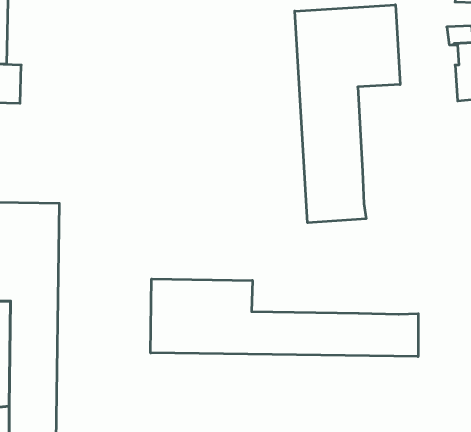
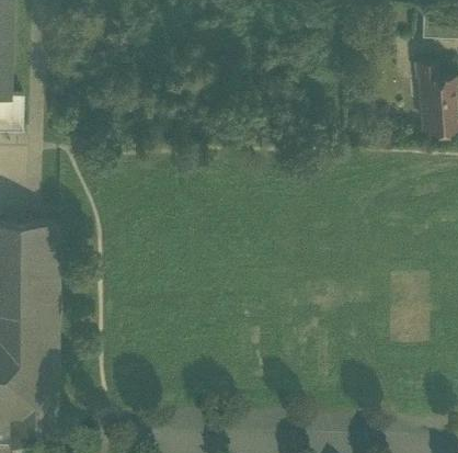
building: [295,5,400,223] -> none
building: [151,279,418,357] -> none

